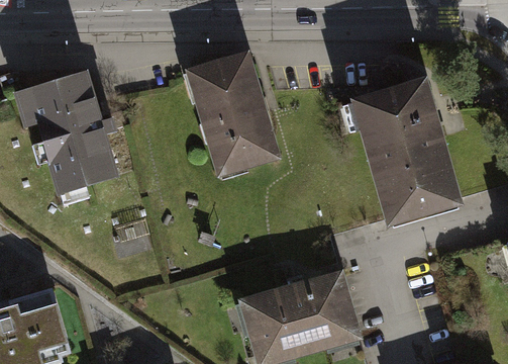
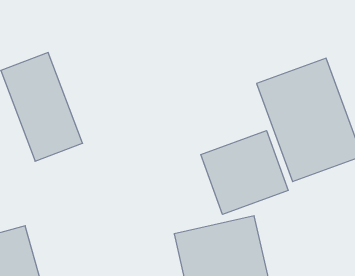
building: [182,55,279,177] -> none
building: none -> [201,131,288,214]

